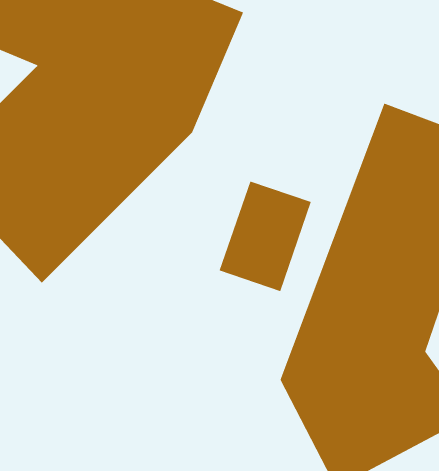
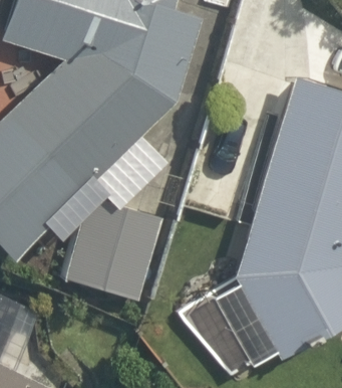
building: none -> [67,202,169,298]

